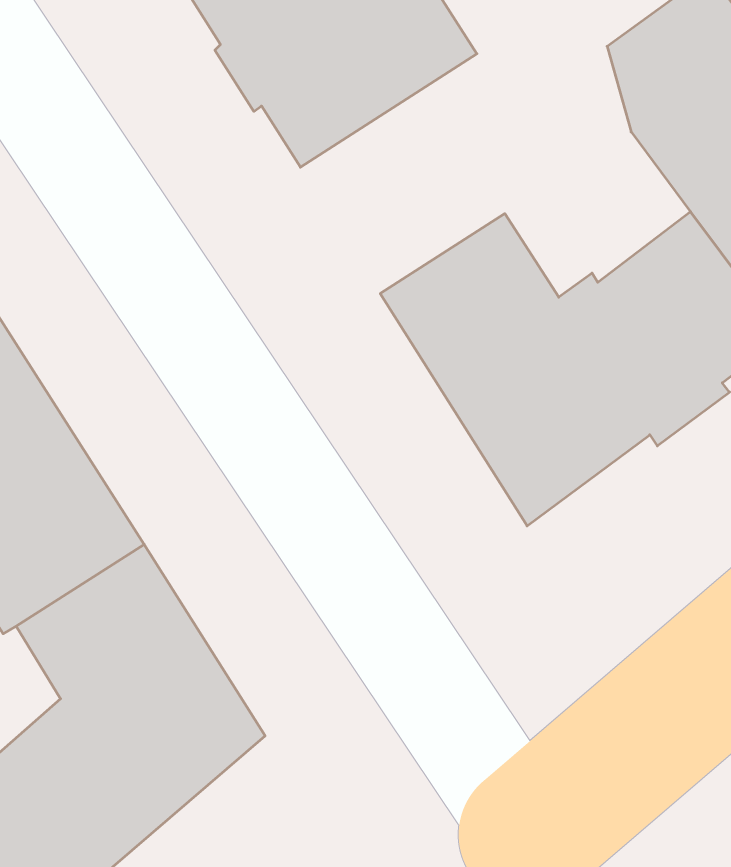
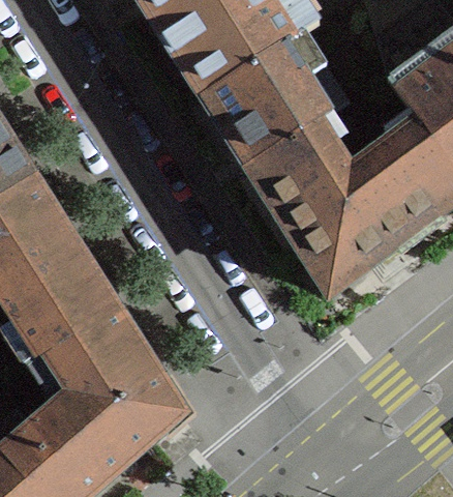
building: none -> [203,33,330,168]

